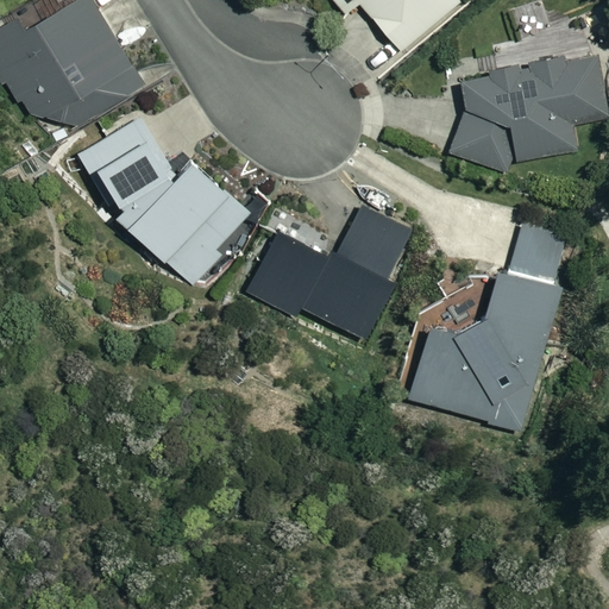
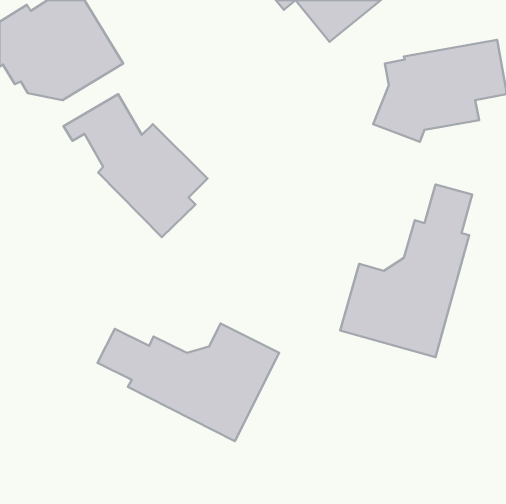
building: [249,212,413,338] -> none
building: none -> [98,324,279,441]

